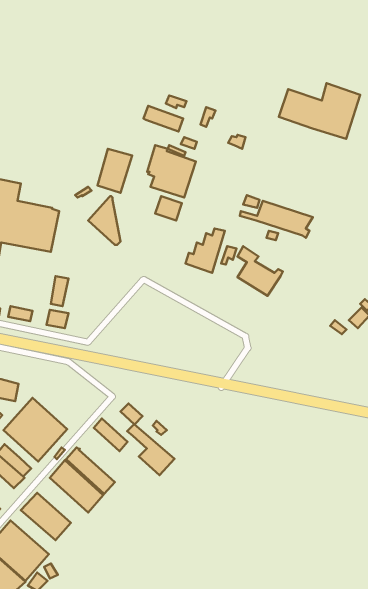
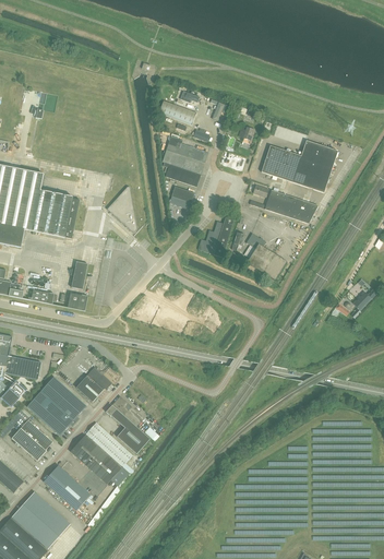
building: [279,83,360,139] -> [261,140,337,192]
building: [97,149,132,193] -> none
building: none -> [75,366,111,402]
building: [127,424,175,475] -> [105,405,149,453]

